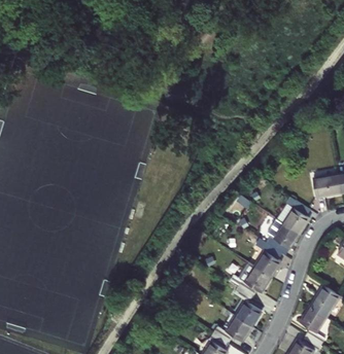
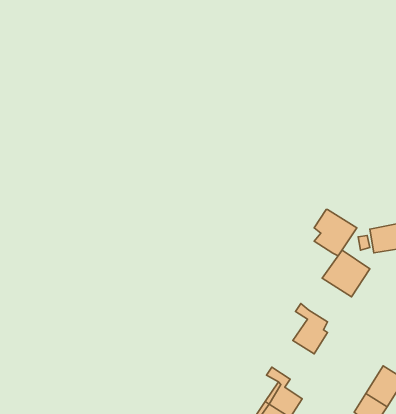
building: [267,218,300,254] -> [314,209,357,256]
building: [230,267,271,296] -> none

